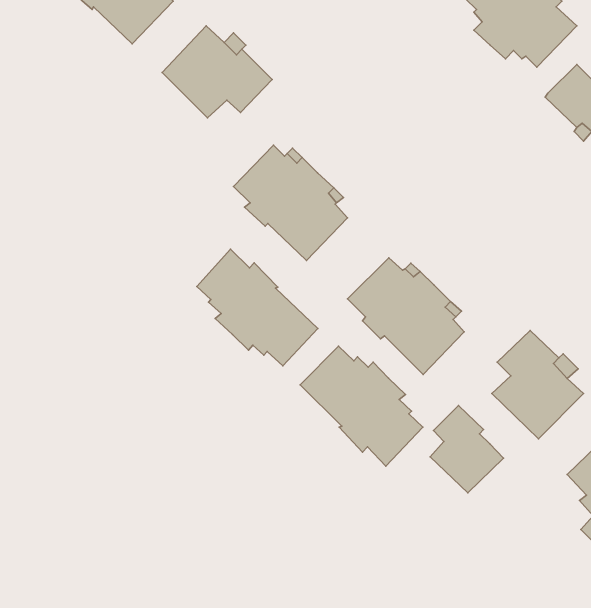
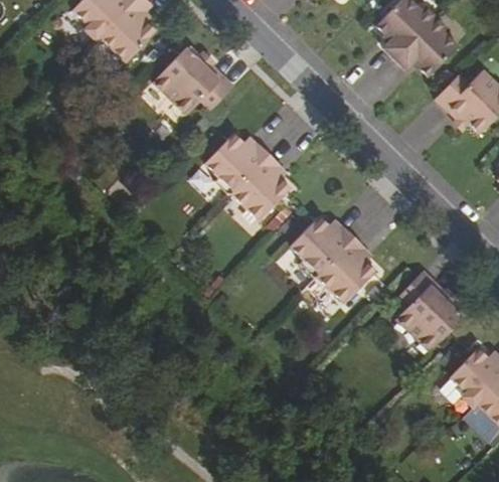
building: [197,249,318,366] -> none
building: [300,346,423,466] -> none
building: [430,405,504,493] -> none

